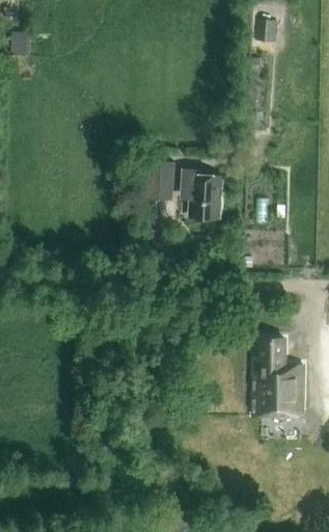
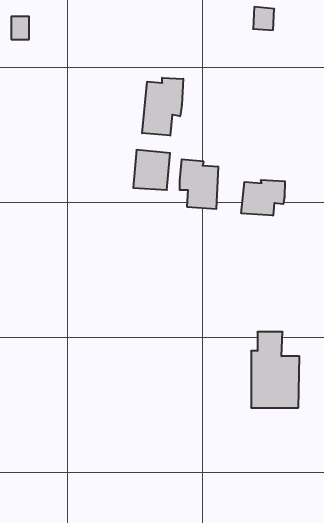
building: none -> [142,78,183,136]
building: none -> [241,180,285,216]

